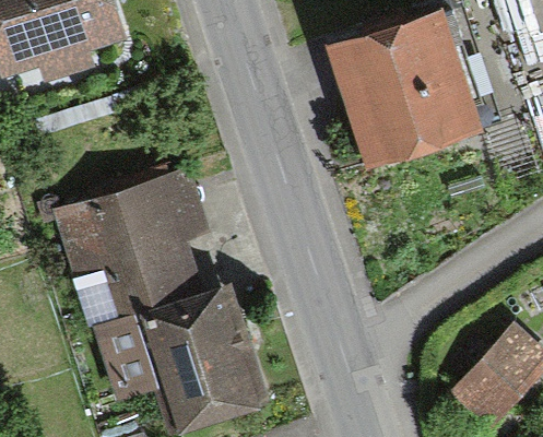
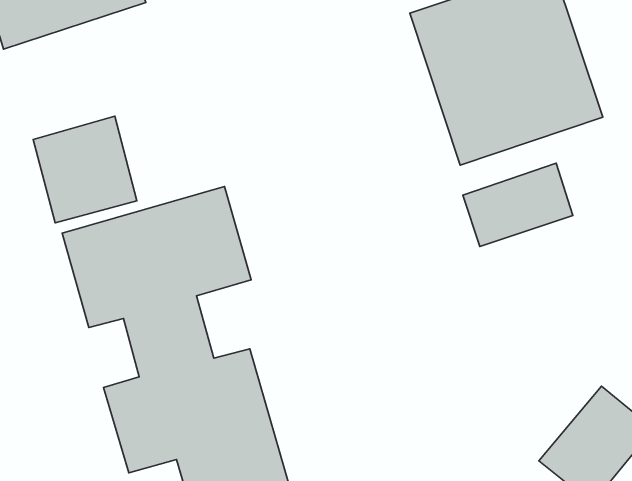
building: none -> [33,116,137,223]
building: none -> [463,163,573,247]

